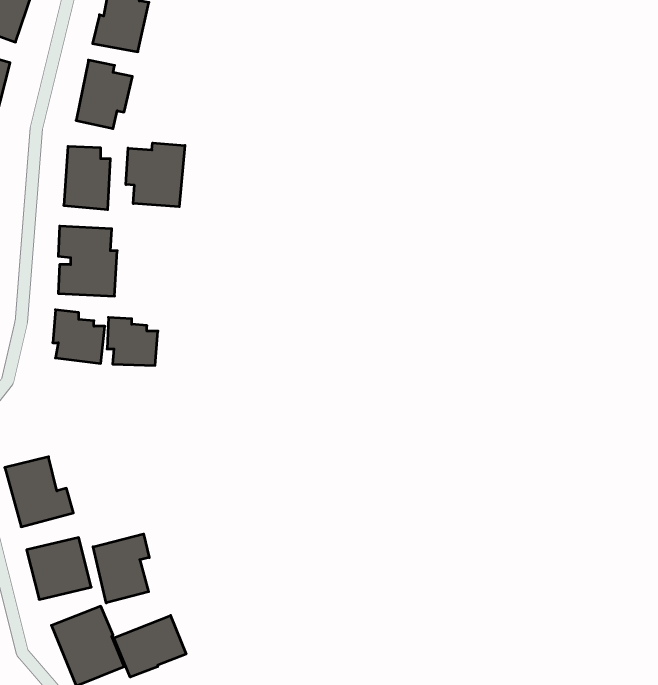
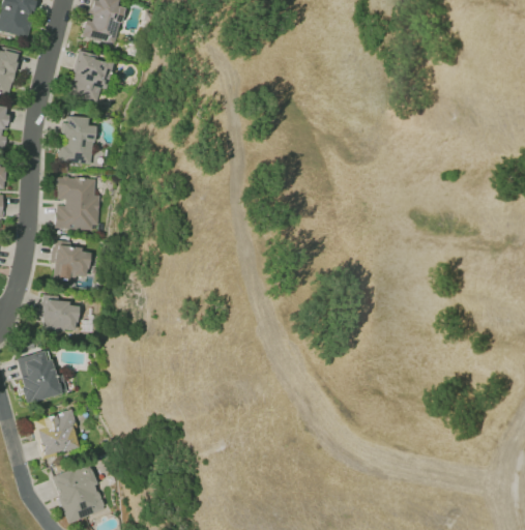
building: [126,143,185,207] -> none
building: [107,317,158,365] -> [40,295,79,331]
building: [93,534,149,603] -> none
building: [114,615,186,677] -> none

